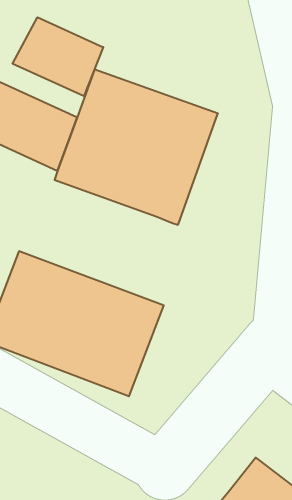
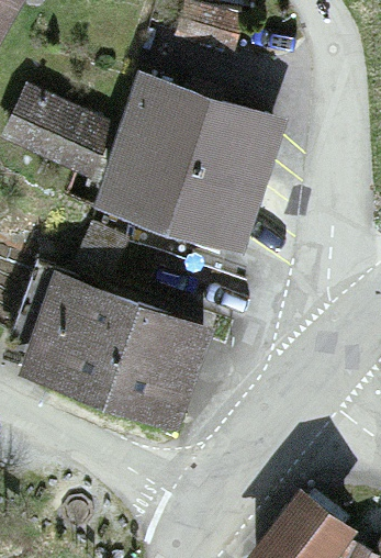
building: [13,17,103,96] -> none

